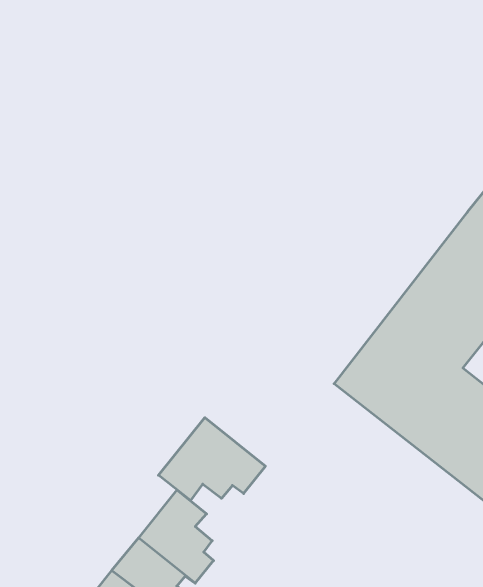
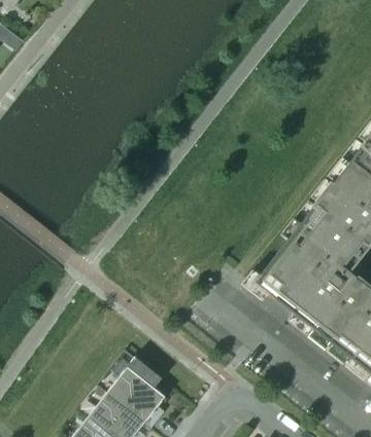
building: [158,418,265,501] -> none

